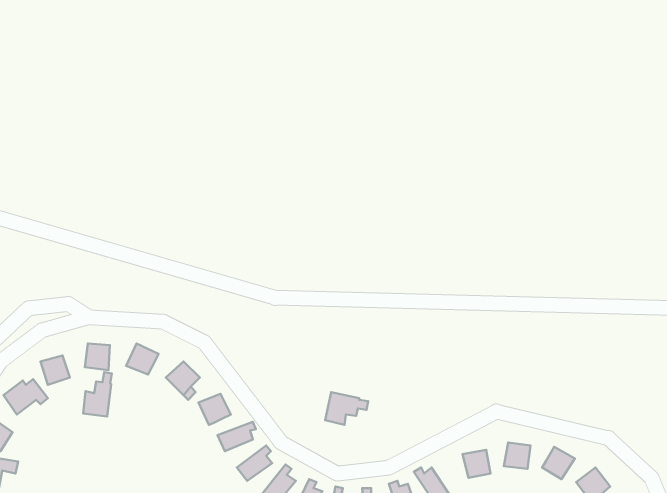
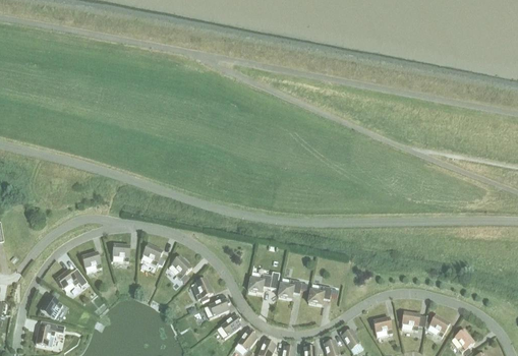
building: [83,372,112,417] -> none
building: none -> [248,271,279,293]
building: none -> [308,283,338,304]

